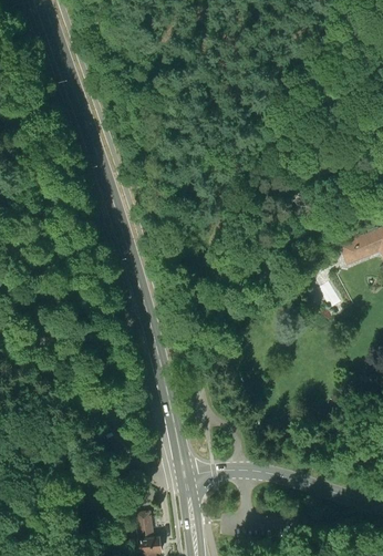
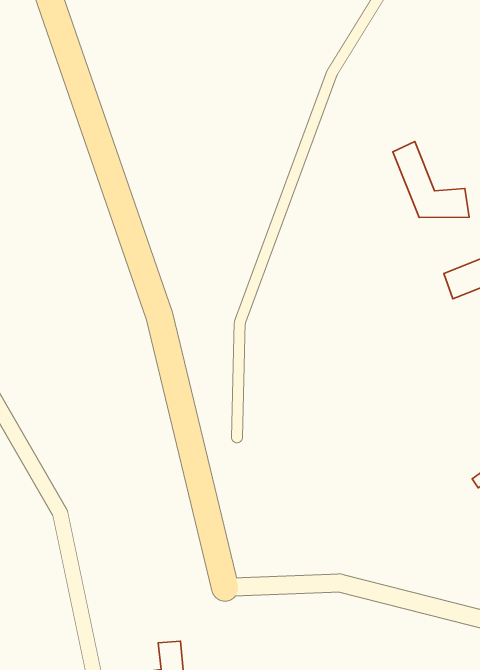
building: none -> [393,142,469,218]

